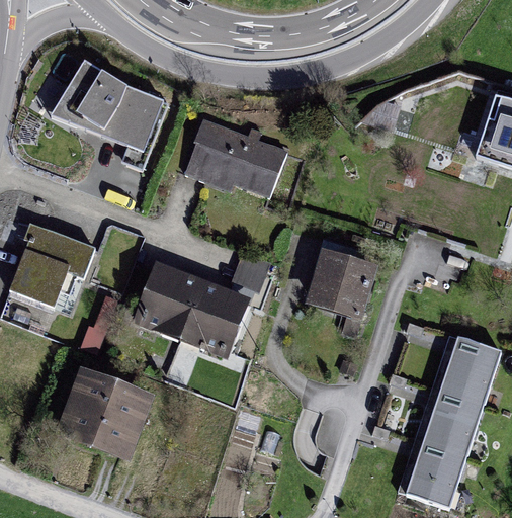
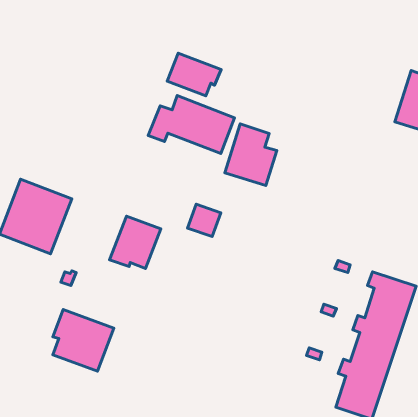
building: [58,60,168,169] -> none
building: none -> [167,53,221,96]
building: [311,239,372,312] -> [225,124,277,186]
building: [181,282,243,351] -> none

